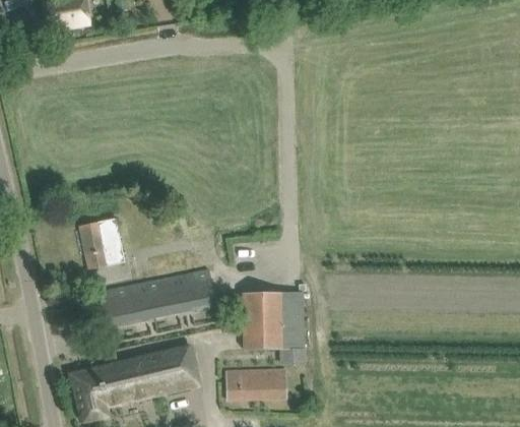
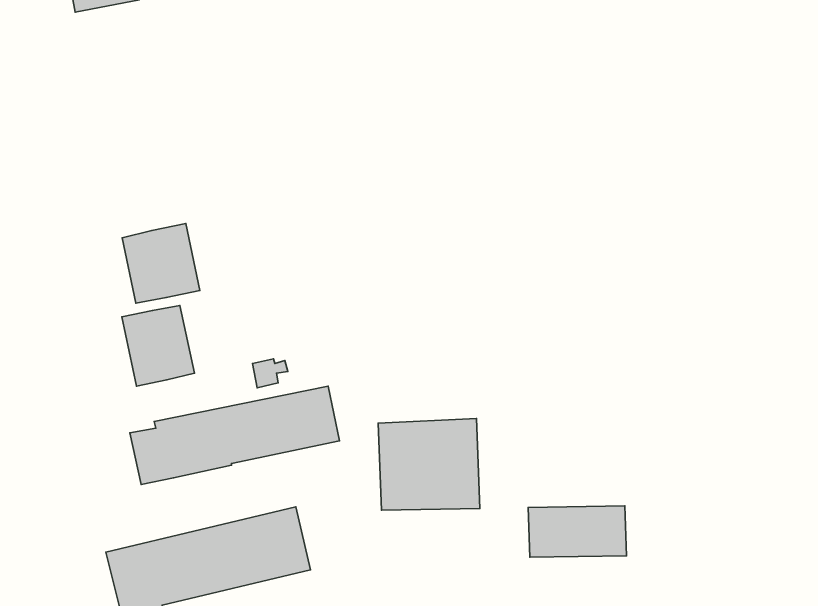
building: none -> [122,224,200,303]
building: [224,367,286,400] -> [528,506,627,557]

